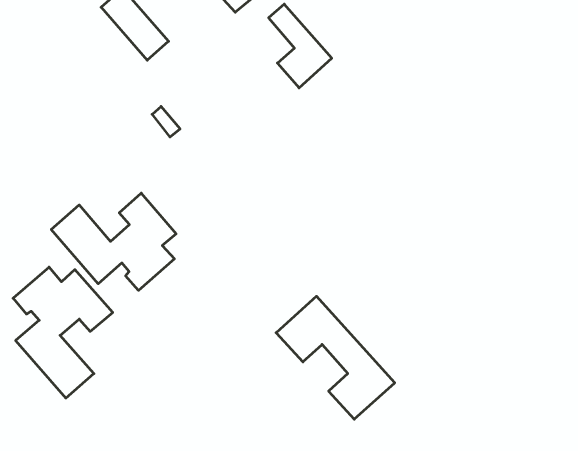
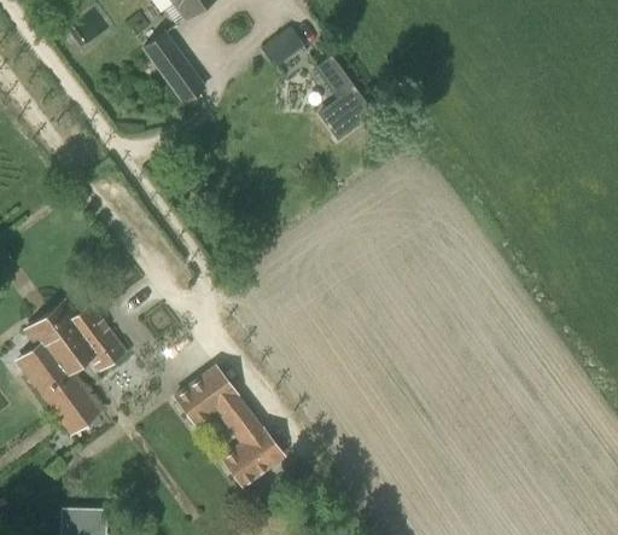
building: [51,193,176,290] -> none
building: [276,296,395,419] -> [173,362,286,488]

